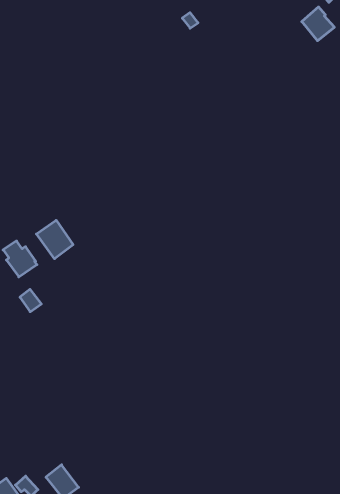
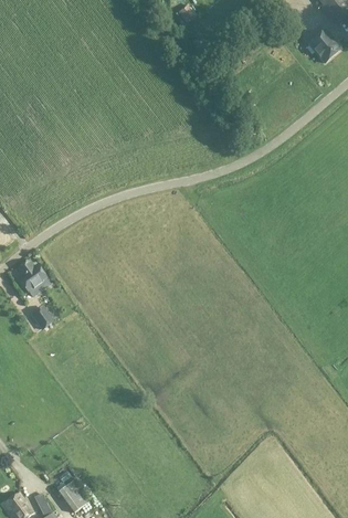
building: [36,220,73,259] -> none

